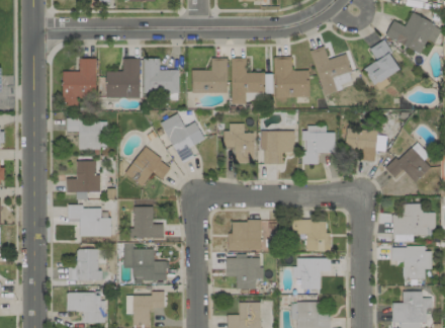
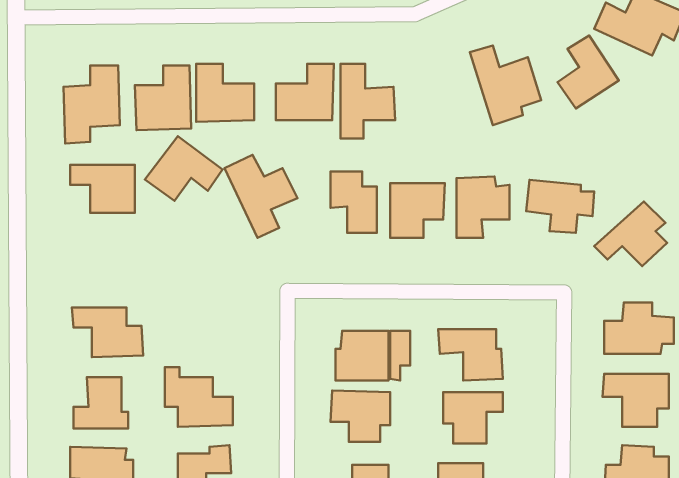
building: [274,57,308,98] -> none
building: [124,147,172,186] -> [145,136,223,201]
building: [66,161,100,199] -> none
building: [129,207,164,238] -> none

